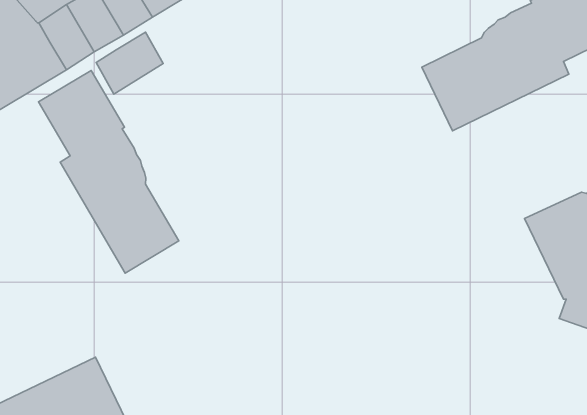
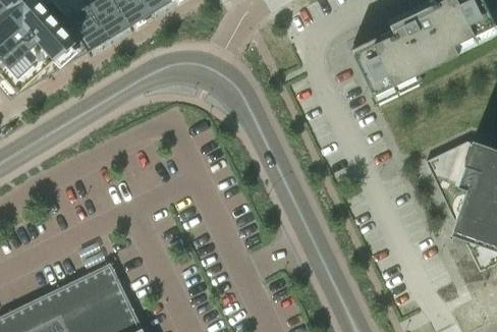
building: [96,32,163,94] -> none
building: [38,71,179,273] -> none

